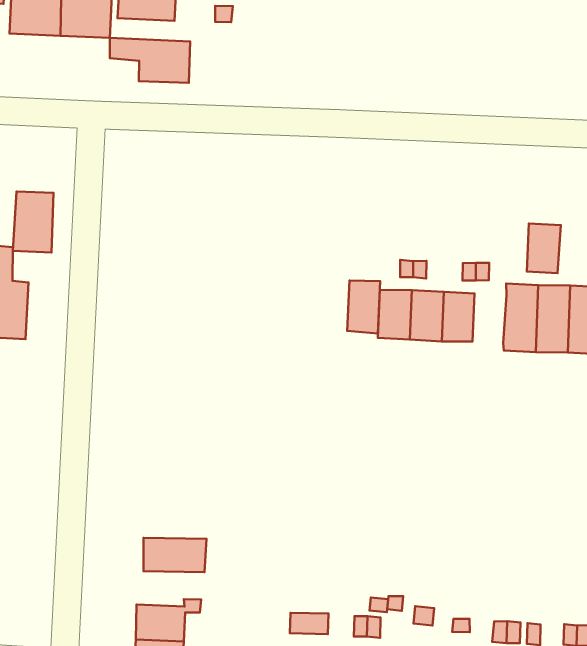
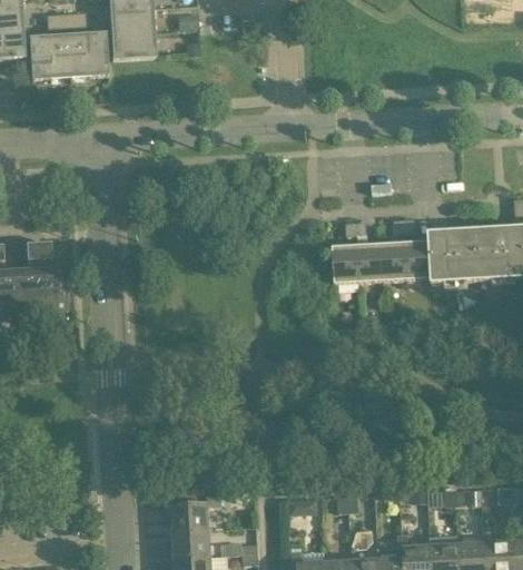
building: [110,38,190,83] -> none
building: [13,191,53,252] -> none
building: [527,223,561,273] -> [404,240,430,278]
building: [347,280,380,333] -> none
building: [143,538,206,572] -> none

